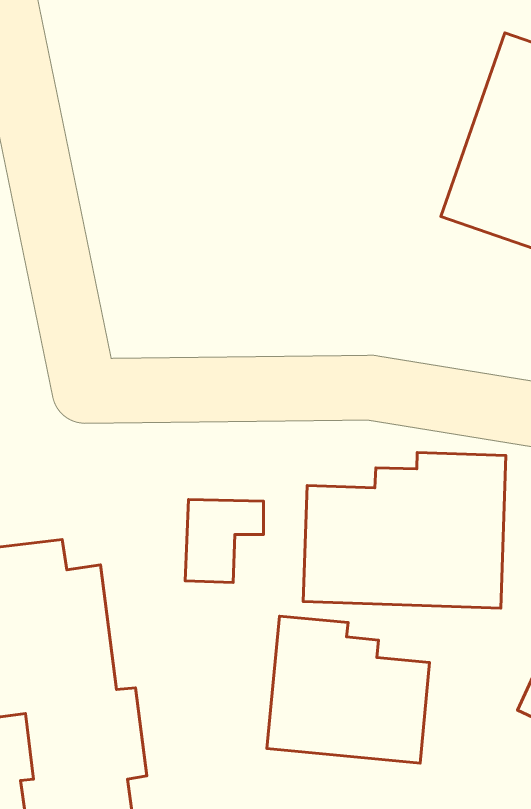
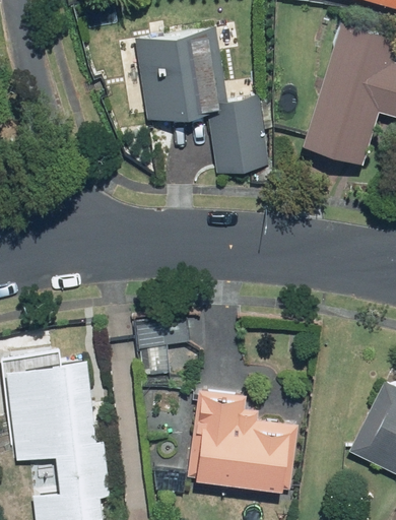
building: none -> [133,26,272,175]
building: [303,452,506,608] -> none

